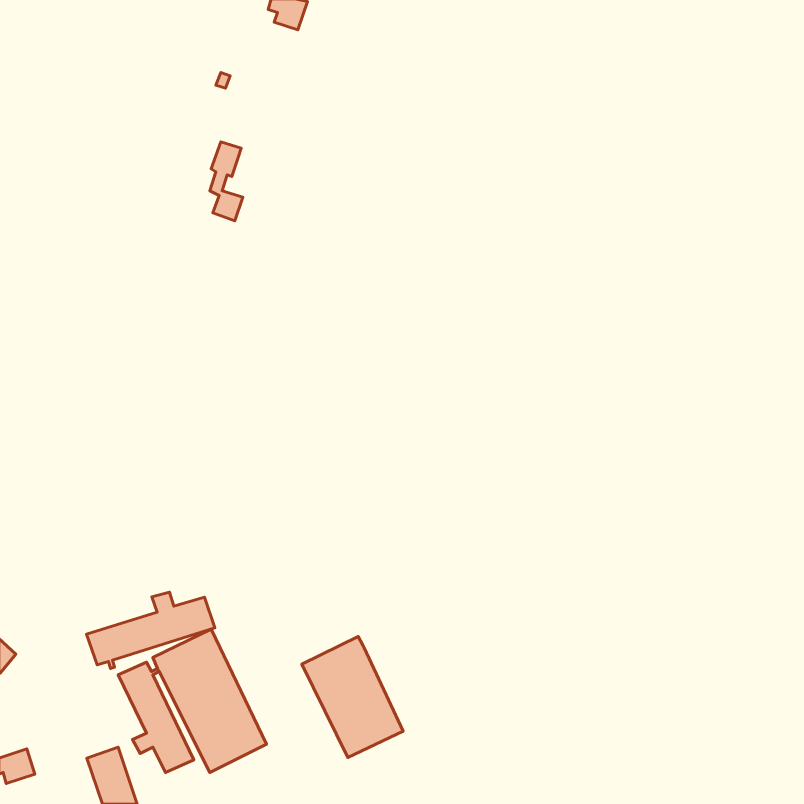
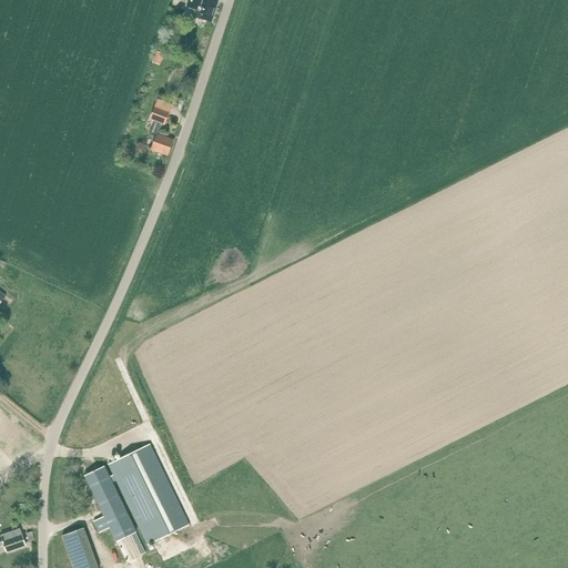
building: [87,592,215,668] -> none
building: [302,637,403,757] -> none

